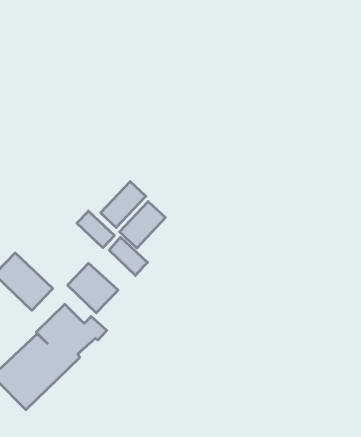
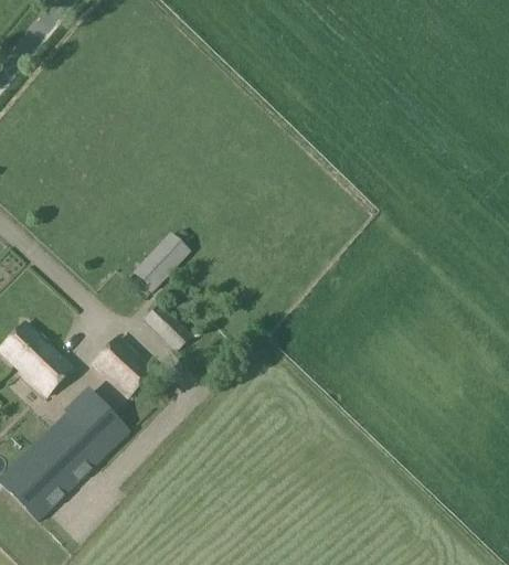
building: [120,201,165,248] -> none
building: [77,211,114,248] -> none

